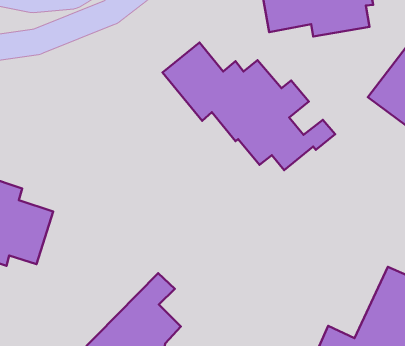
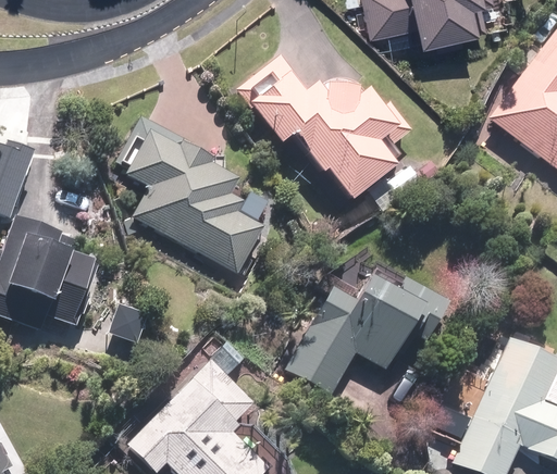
building: none -> [121,115,272,275]
building: none -> [288,276,451,394]

